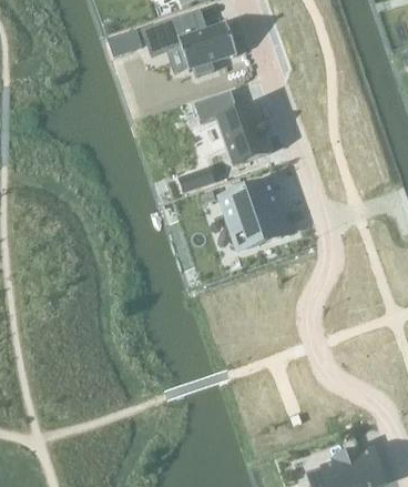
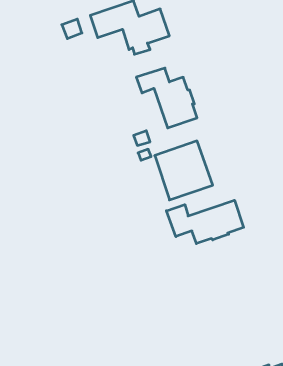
building: none -> [166,200,244,244]

